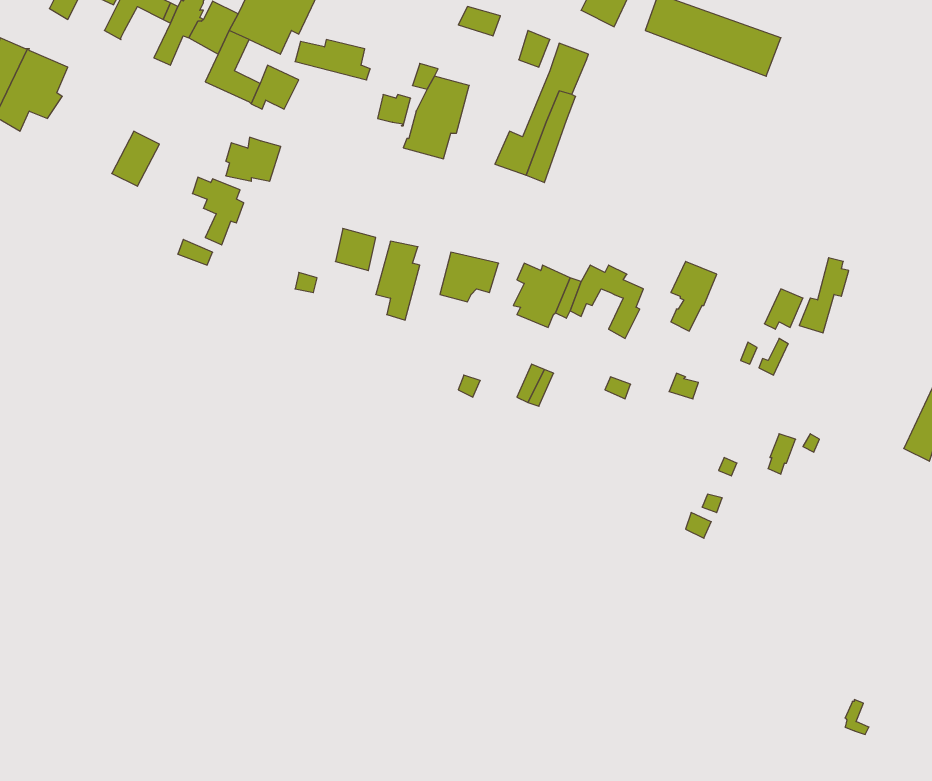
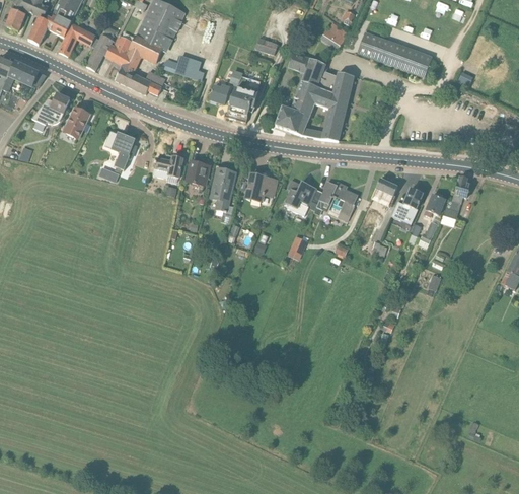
building: none -> [314,74,346,141]
building: none -> [31,92,70,124]
building: [226,137,281,181] -> [153,153,183,178]
building: none -> [391,188,423,220]

